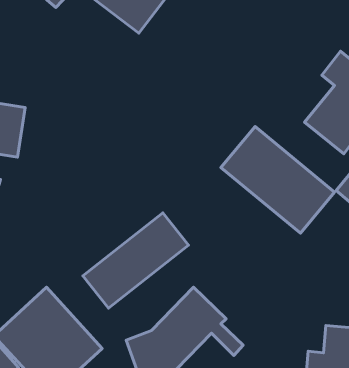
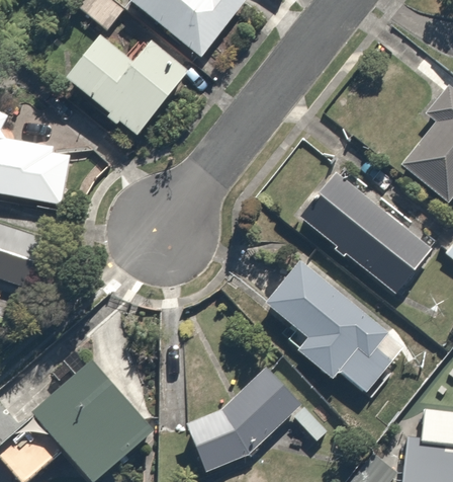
building: none -> [70,36,193,139]
building: none -> [266,259,407,392]
building: [83,213,188,308] -> none

